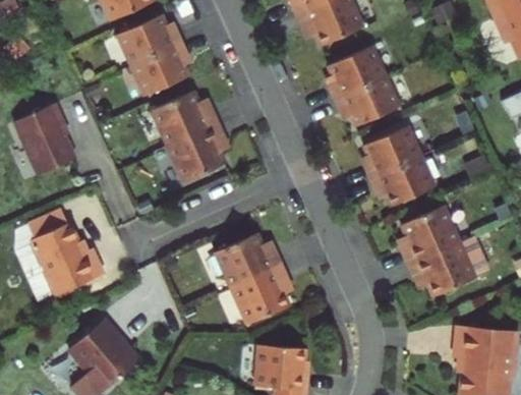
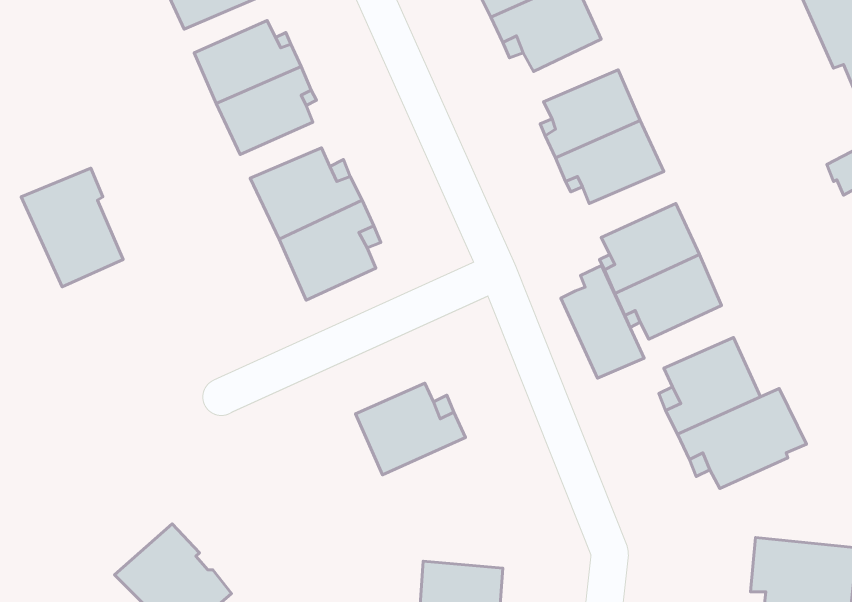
building: none -> [561,265,644,378]
building: [34,222,105,295] -> none
building: [232,267,290,326] -> none

